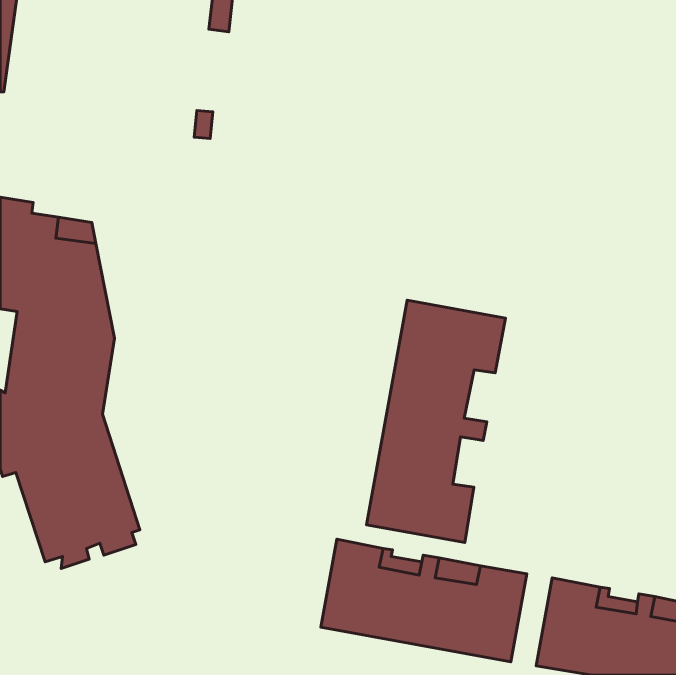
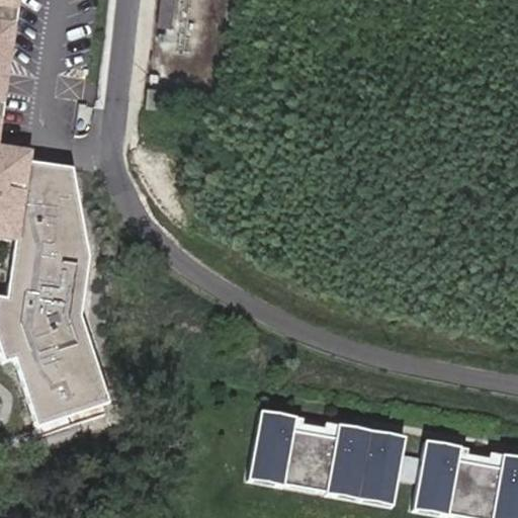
building: [366,300,506,543] -> none

